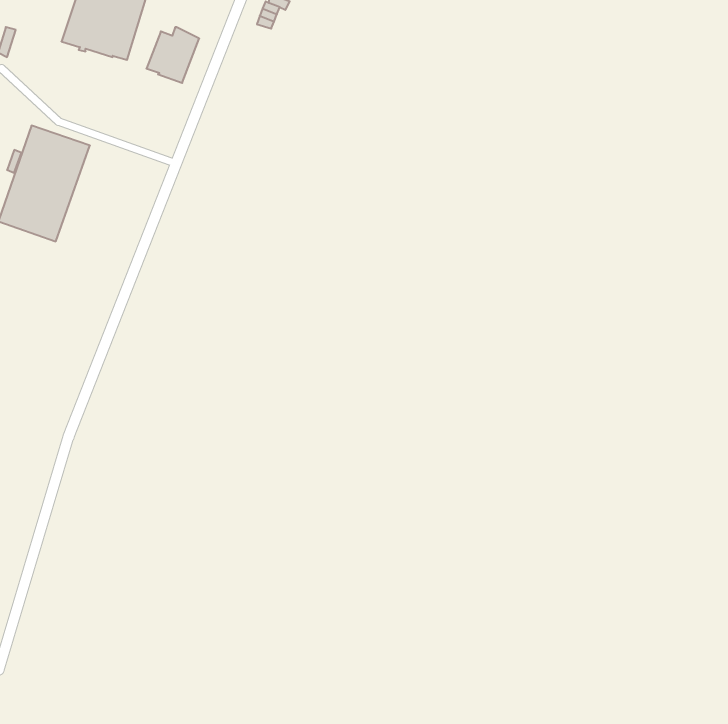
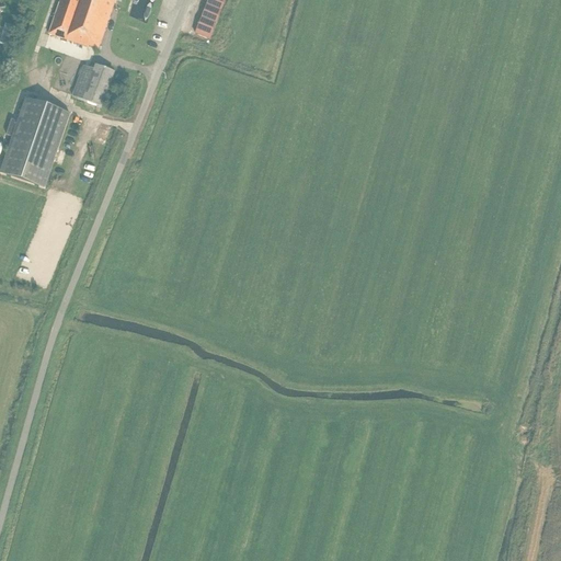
building: [146,27,199,83] -> [72,61,113,104]

